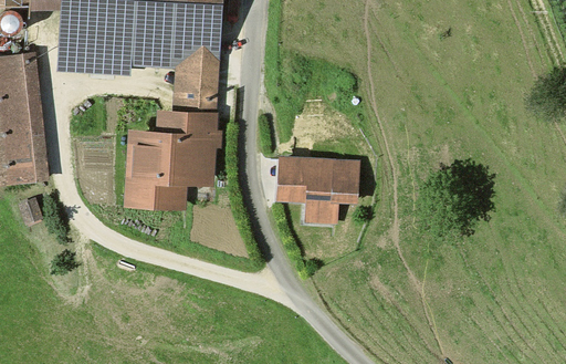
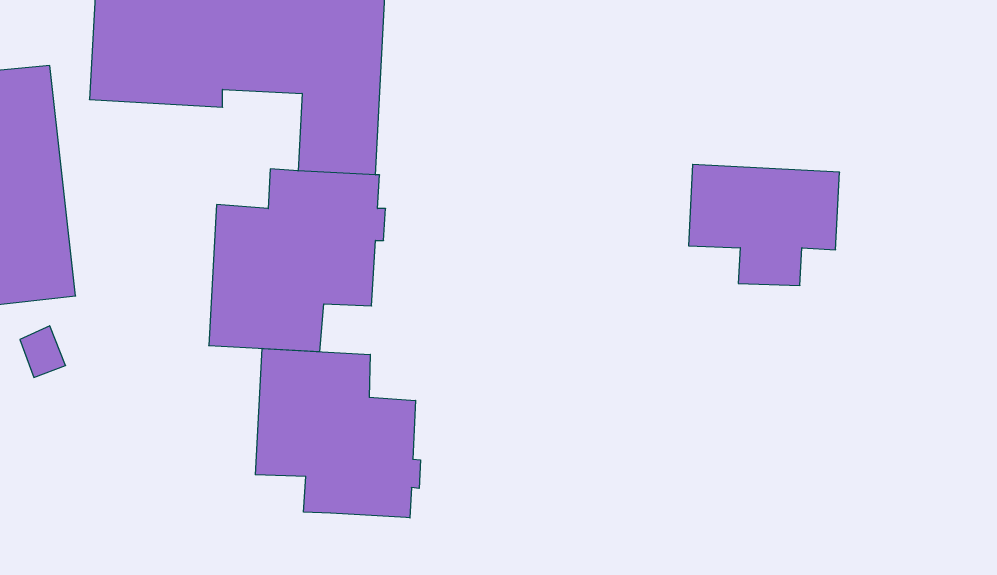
building: [275,156,359,223] -> [689,164,840,285]
building: none -> [255,348,420,518]

